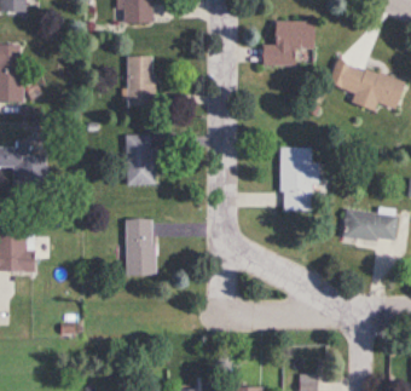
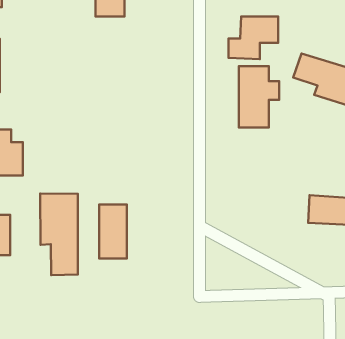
building: [127,54,155,105] -> none
building: [126,134,155,184] -> none
building: [280,146,323,211] -> [239,66,279,127]
building: none -> [40,193,78,275]

